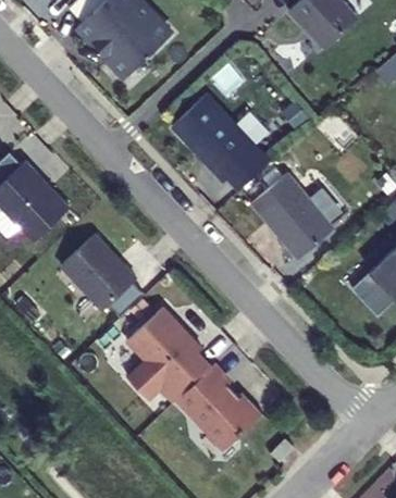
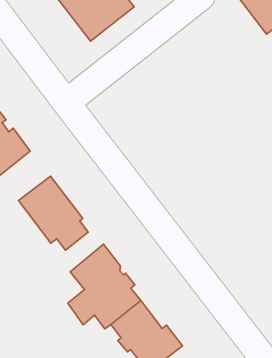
building: [172,96,270,190] -> none
building: [252,174,334,259] -> none

